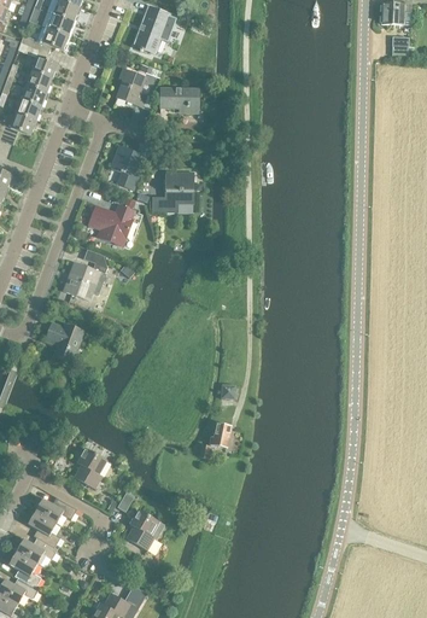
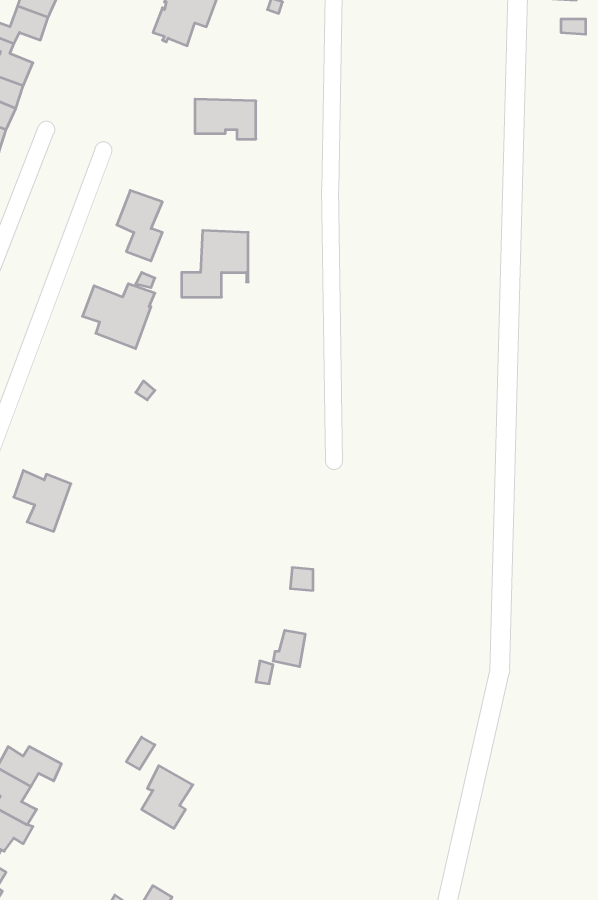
building: [115,68,146,107] -> none
building: [63,262,106,301] -> none
building: [72,448,105,488] -> none

